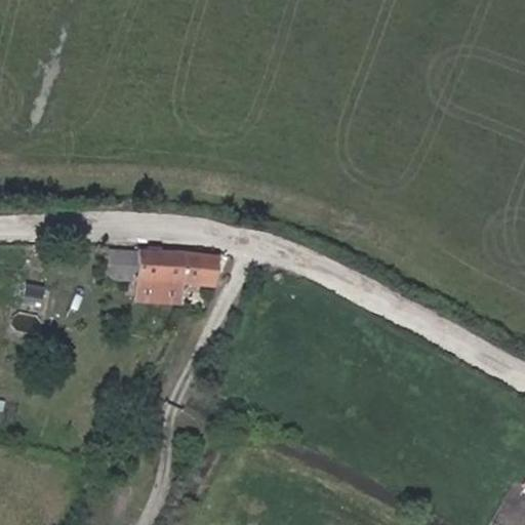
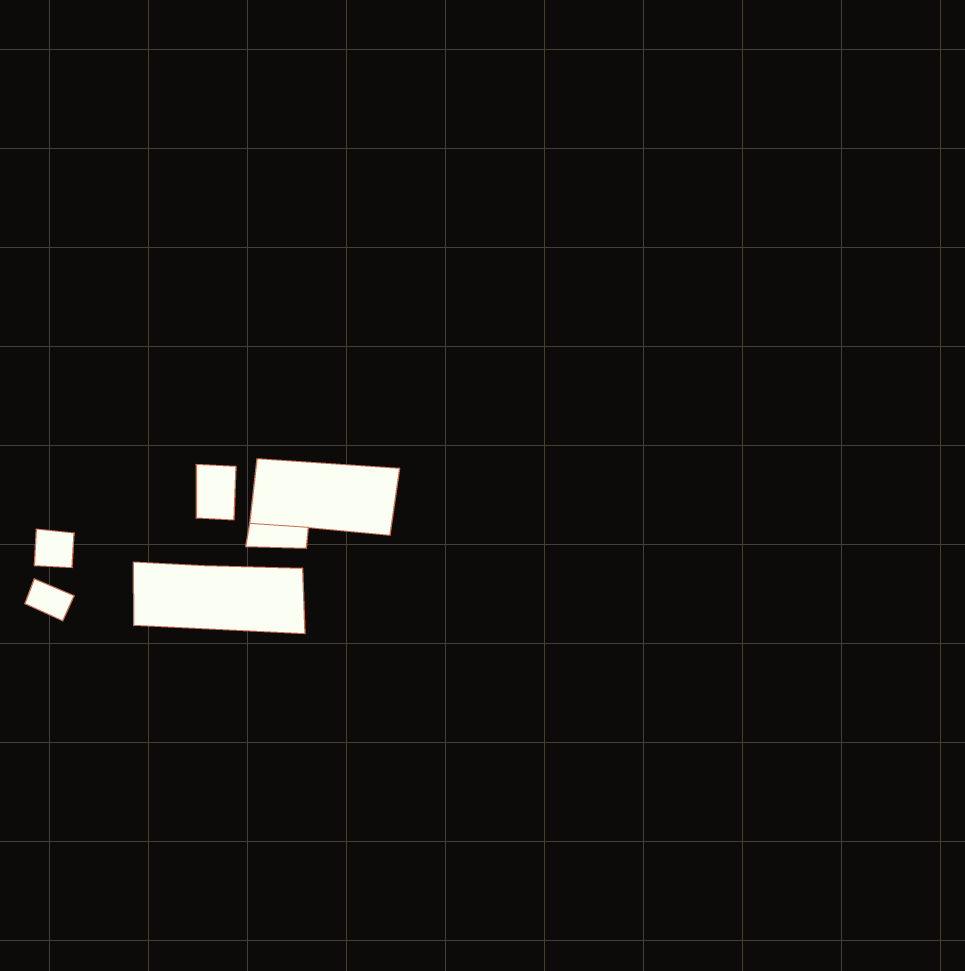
building: none -> [133,562,305,634]

